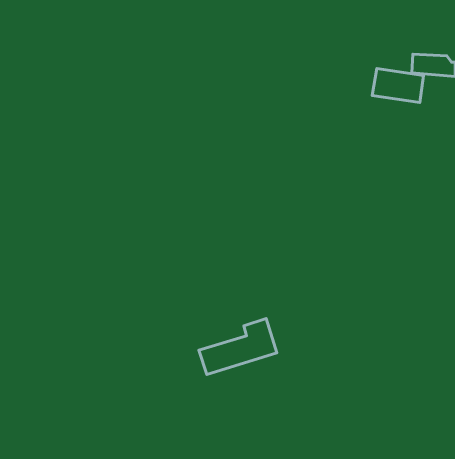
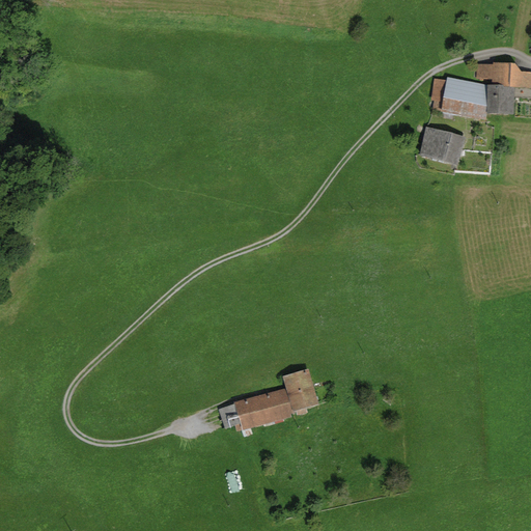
building: none -> [487,88,513,113]
building: none -> [420,124,466,163]

